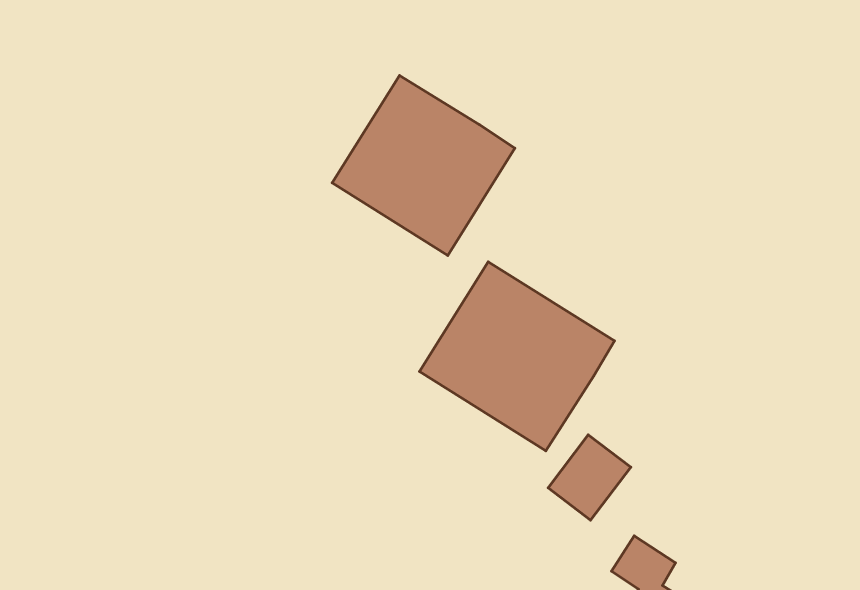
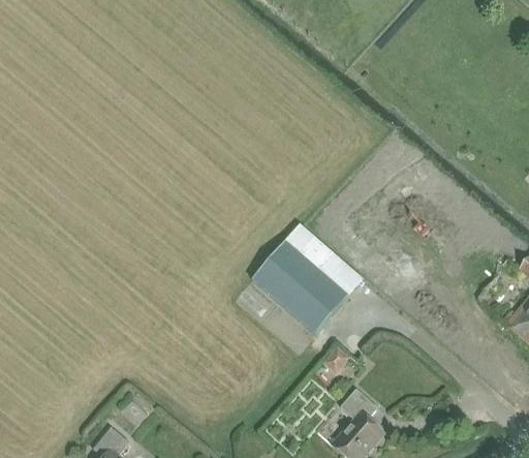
building: [332,76,515,255] -> none

